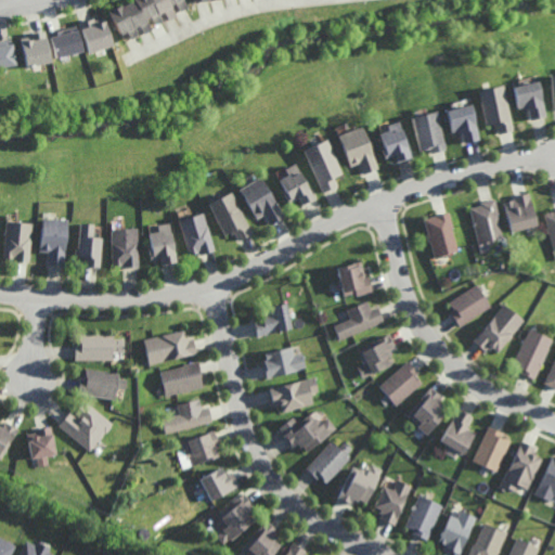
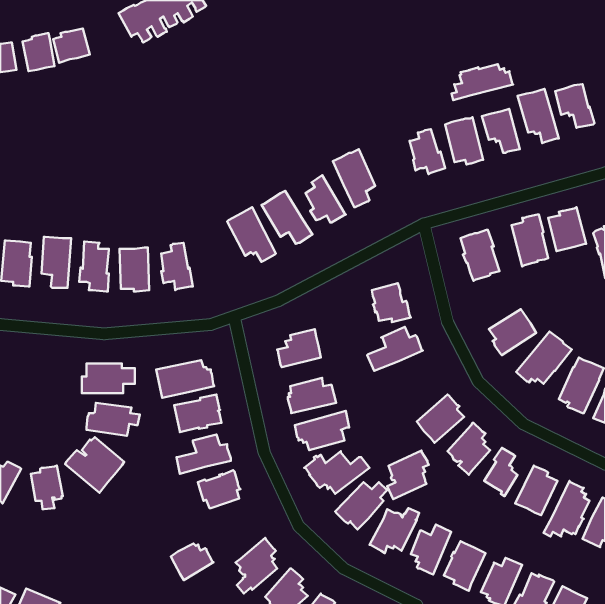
building: [79,18,113,53] -> none
building: none -> [452,64,513,100]
building: [338,125,380,173] -> none
building: [178,212,214,256] -> none
building: [360,335,398,379] -> [387,451,429,499]
building: [199,468,238,502] -> [171,543,213,580]

